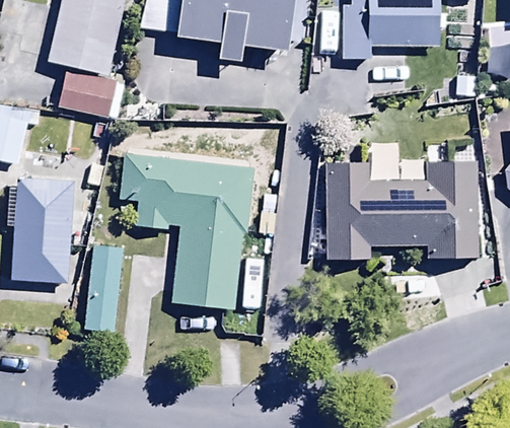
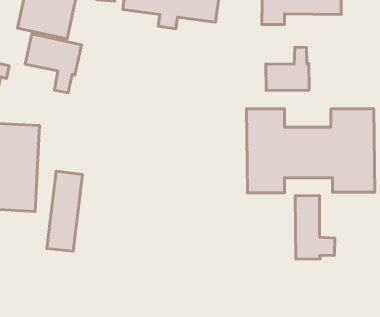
building: none -> [266,47,309,91]
building: [122,154,252,308] -> none
building: none -> [295,196,335,259]

